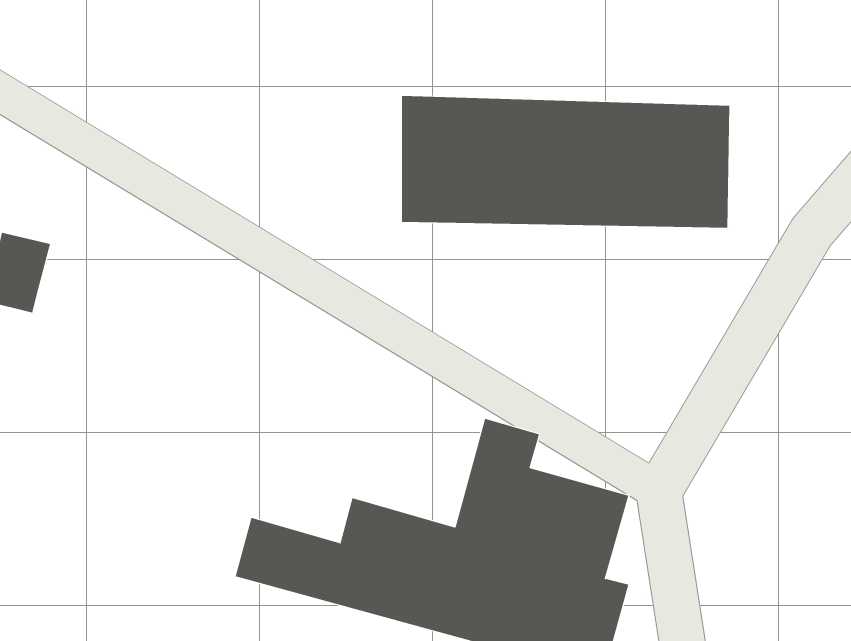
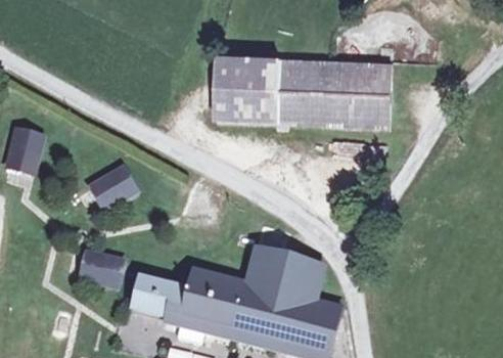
building: none -> [88,163,137,209]
building: none -> [79,254,122,288]

